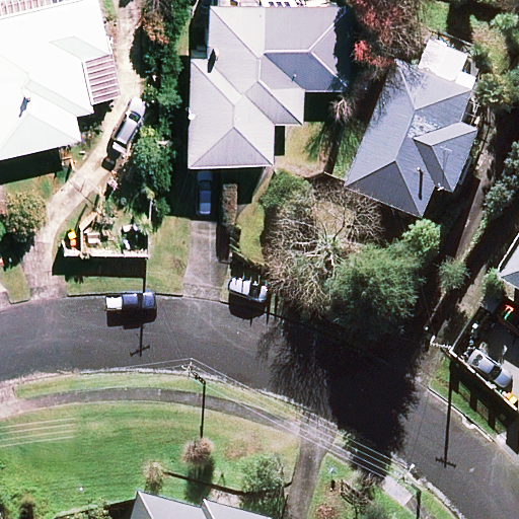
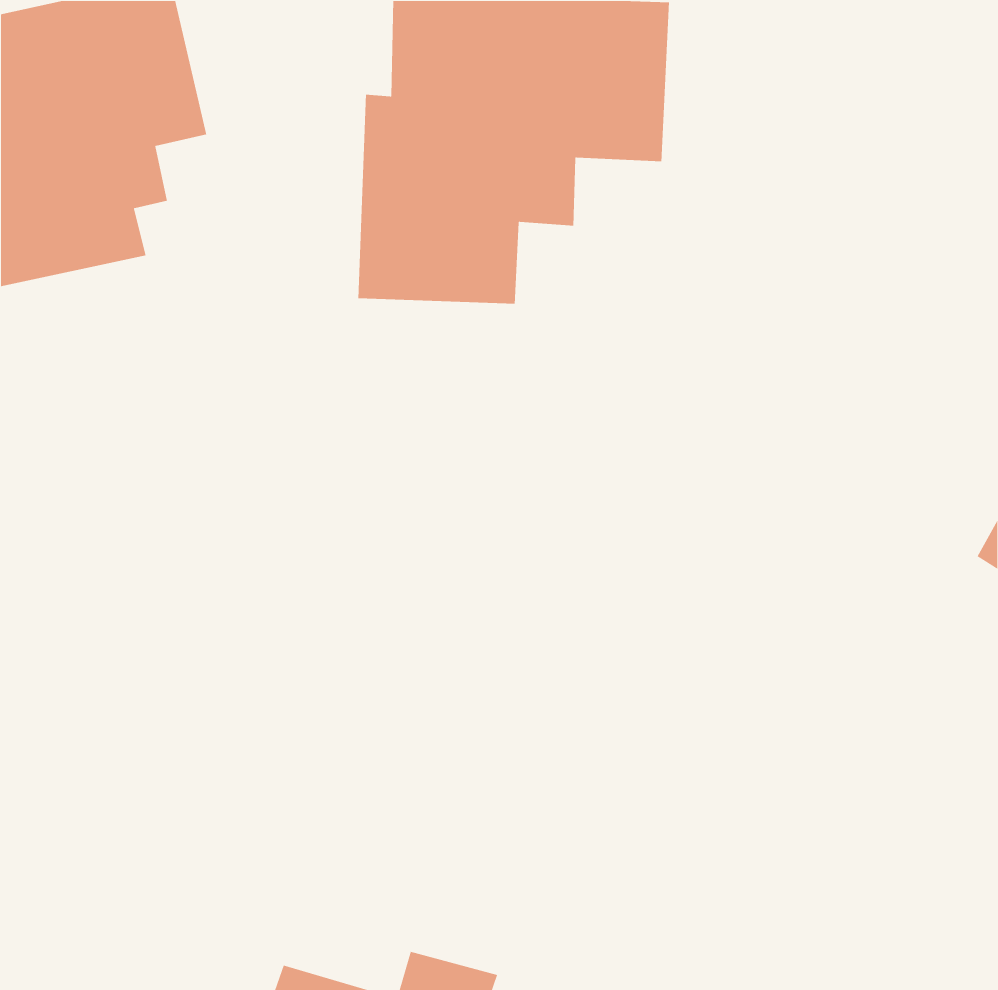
building: [353,51,485,231] -> none

